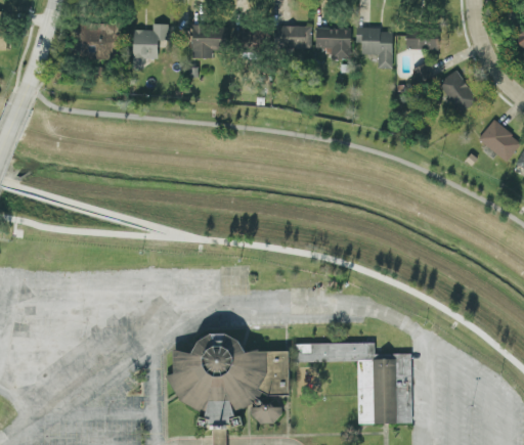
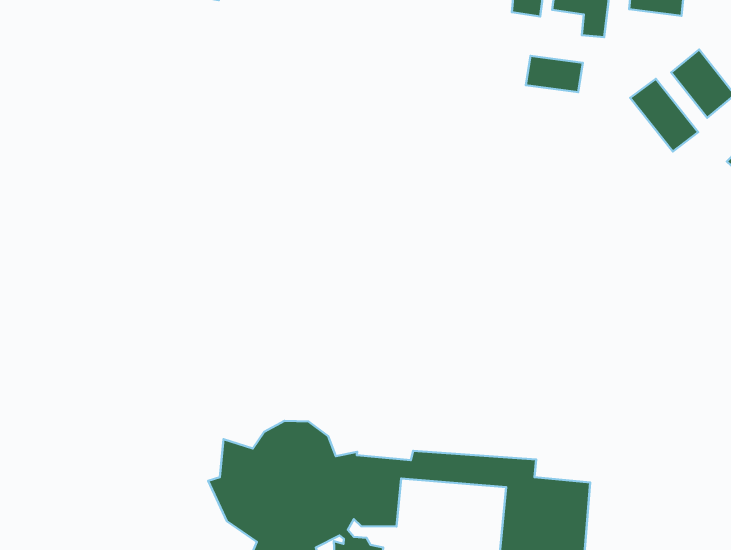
building: none -> [526,56,583,92]
building: none -> [630,79,698,151]

